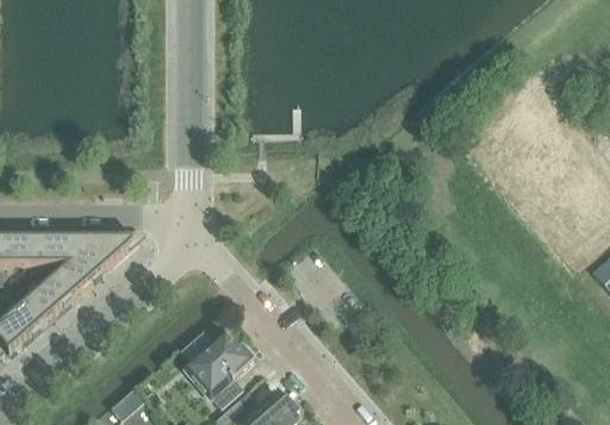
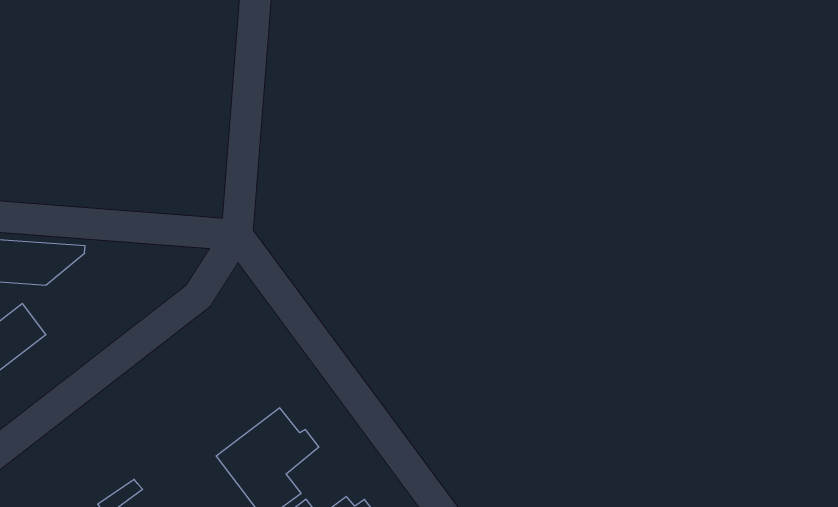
building: [51,238,137,298] -> none

